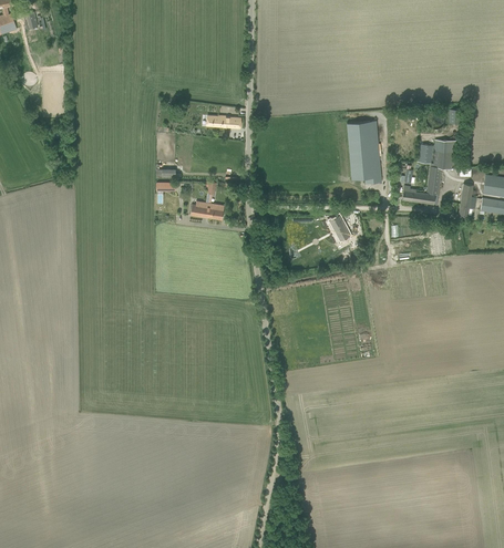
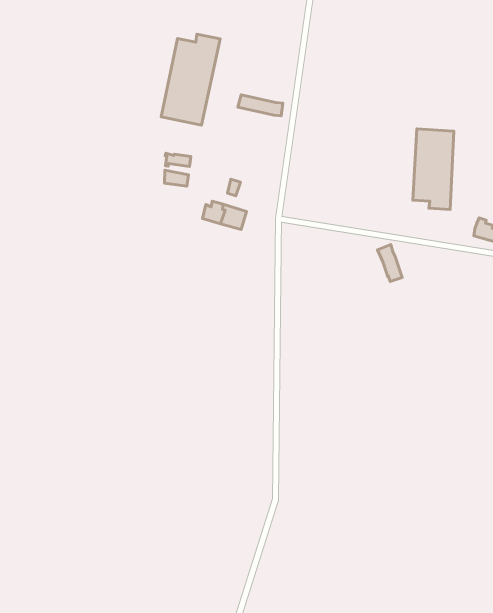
building: none -> [161,34,220,125]

